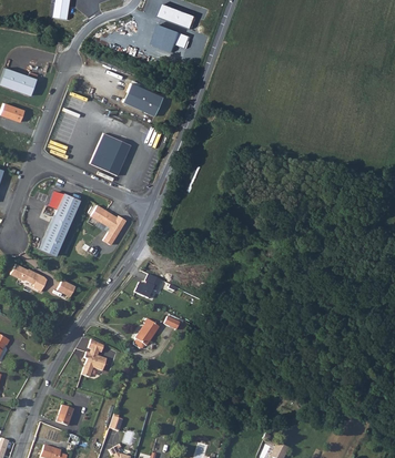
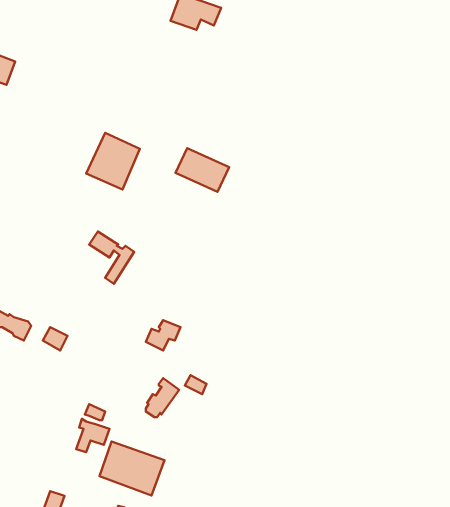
building: [121,82,162,115] -> [176,148,229,192]
building: [39,190,80,255] -> none
building: none -> [100,442,164,496]

